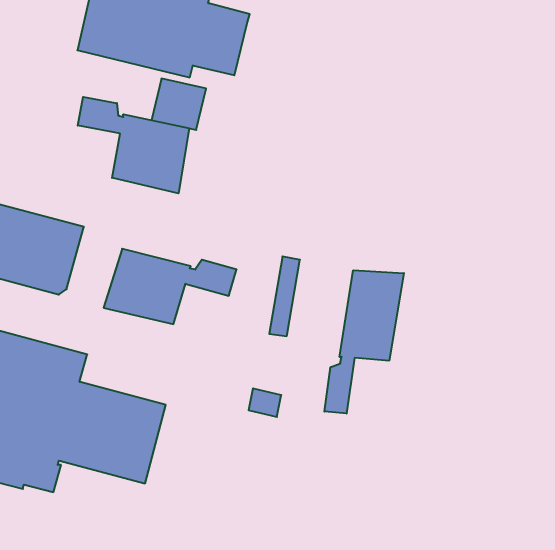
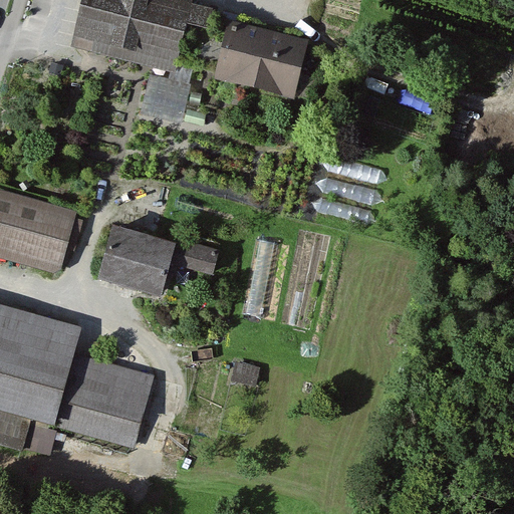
building: none -> [214,20,308,98]
building: [78,97,189,193] -> none
building: [324,270,404,414] -> none

